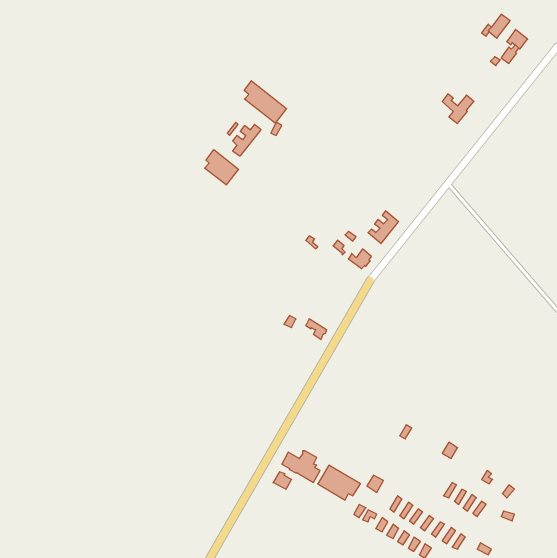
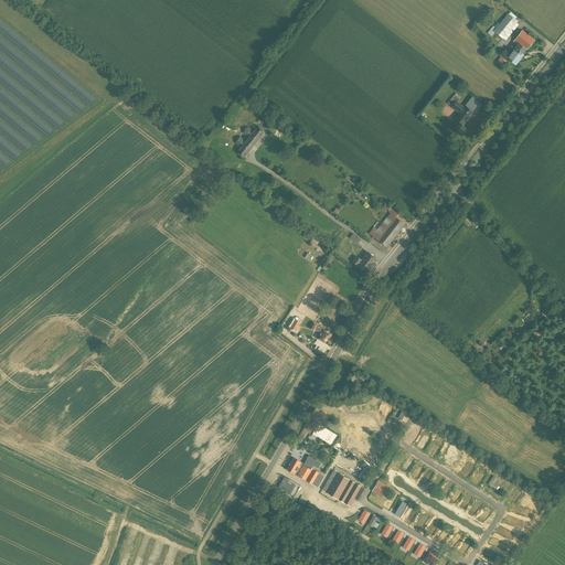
building: [244,81,287,123] -> none
building: [205,150,239,185] -> none

